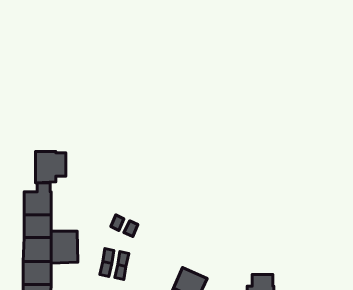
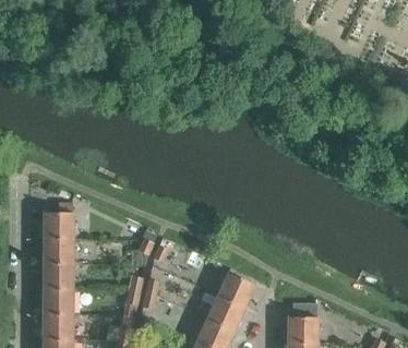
building: [35,152,66,183] -> none
building: [51,231,78,263] -> none
building: none -> [217,274,255,310]

